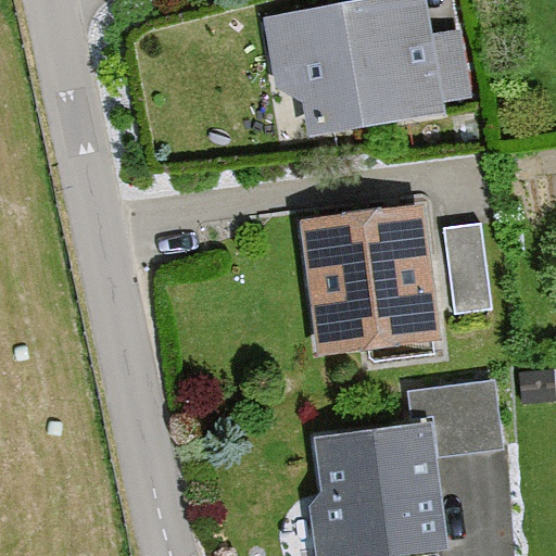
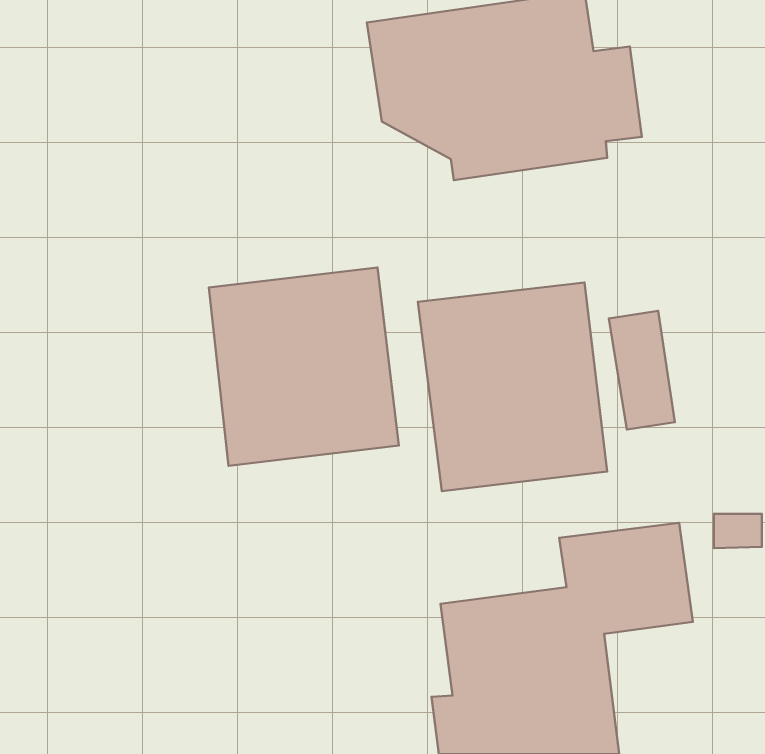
building: none -> [209,267,399,466]

